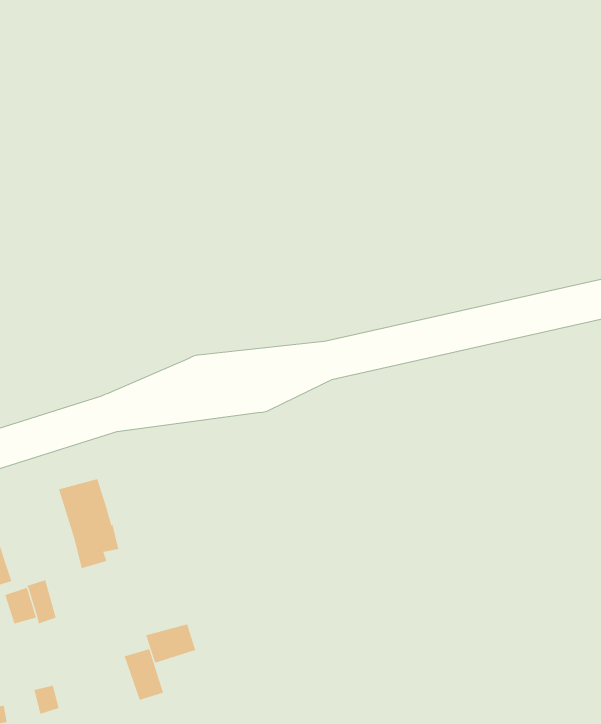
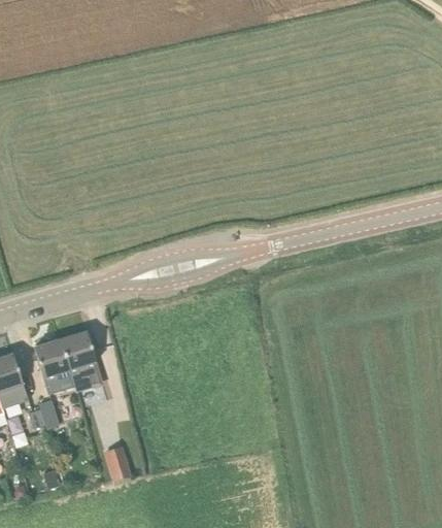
building: none -> [34,338,70,394]
building: [145,623,196,663] -> none

